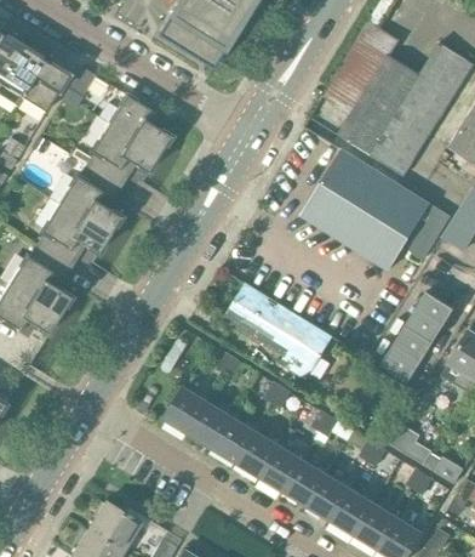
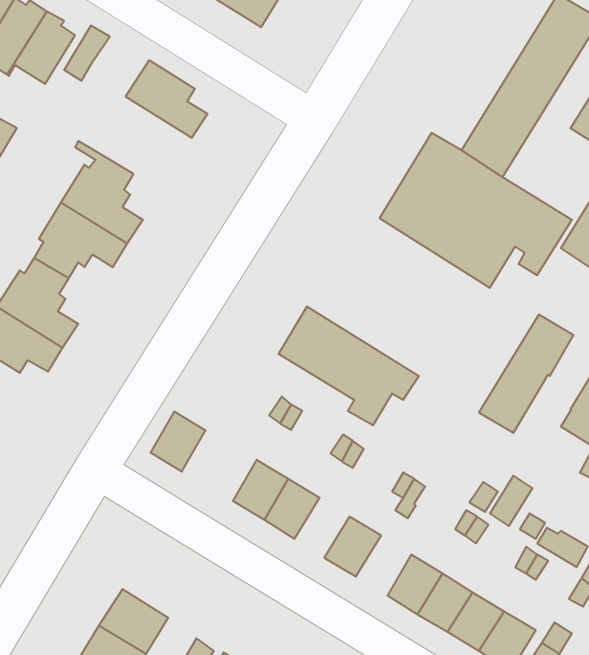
building: [338,58,420,164] -> none
building: [71,123,159,182] -> none
building: [166,387,208,433] -> [150,412,206,472]
building: [238,431,280,477] -> none
building: [285,460,327,506] -> none

